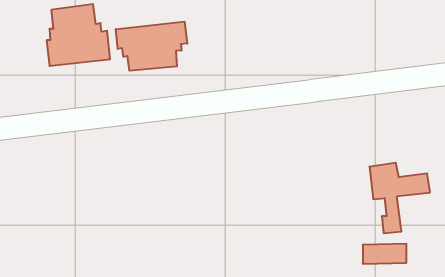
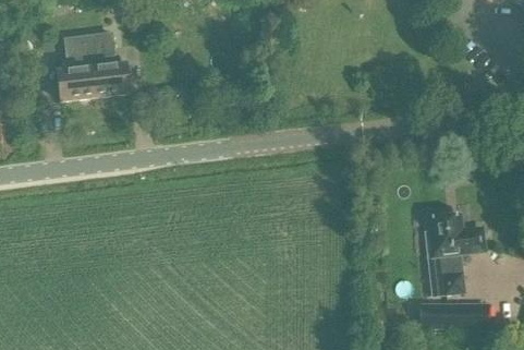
building: [116,22,187,71] -> none

